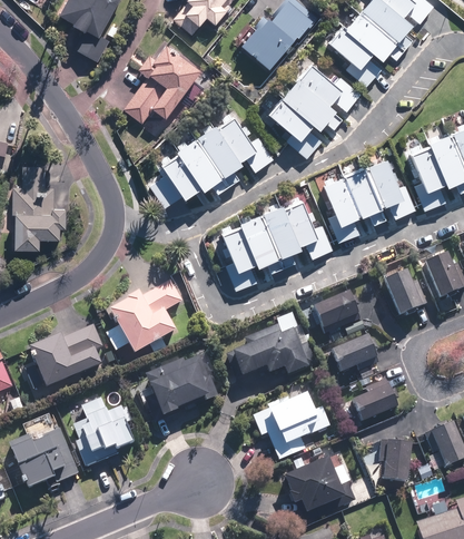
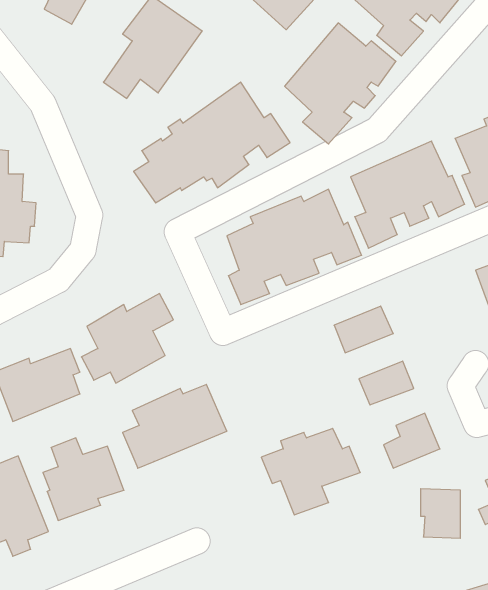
building: [382,271,421,315] -> none
building: [236,312,313,374] -> none
building: [284,453,372,513] -> none

